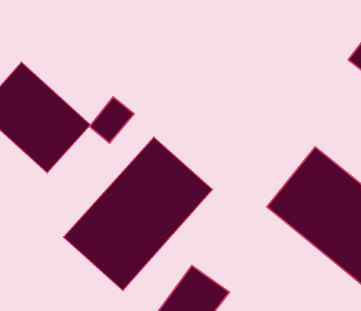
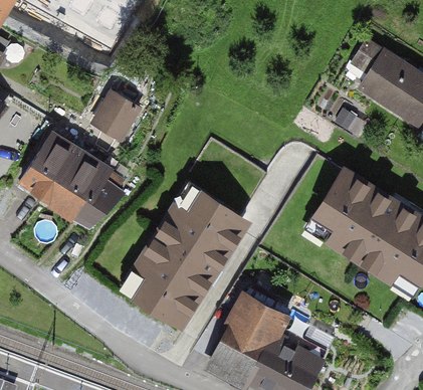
building: [90,97,134,143] -> [90,92,131,137]

